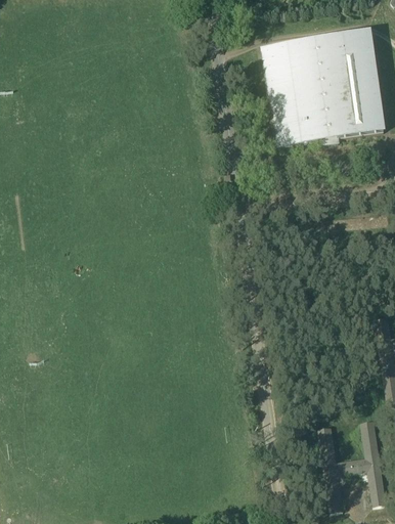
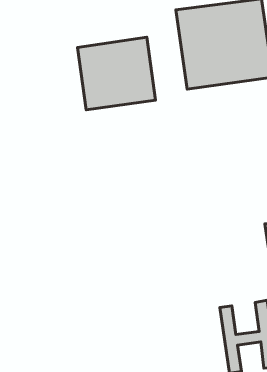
building: none -> [78,37,155,110]

